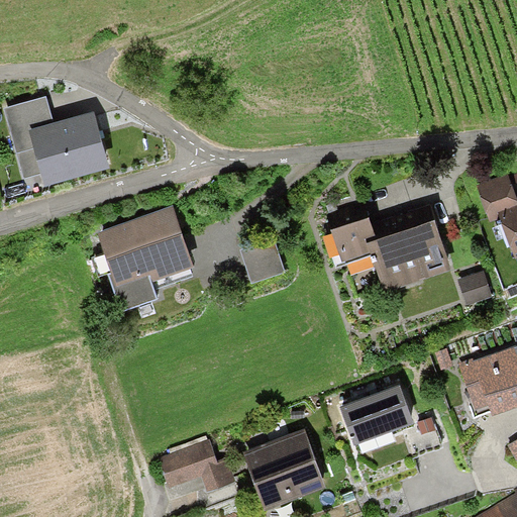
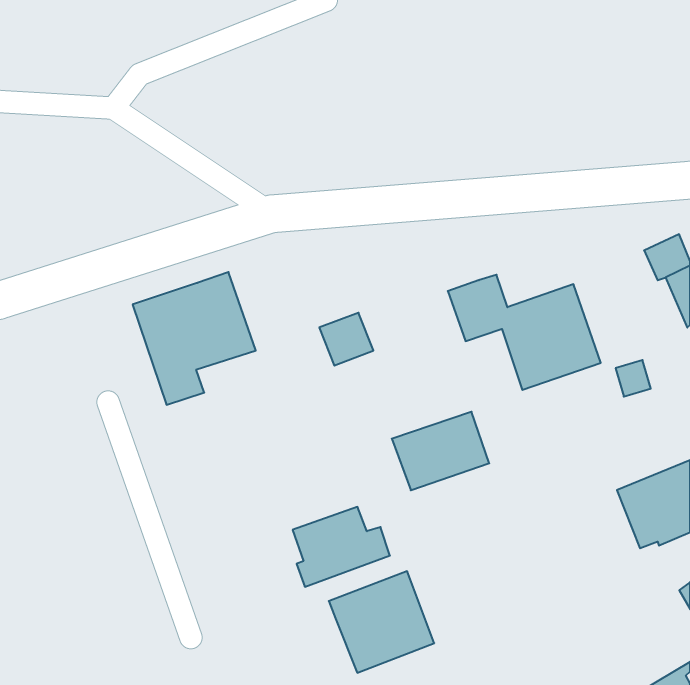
building: [7,103,105,184] -> none
building: [339,384,412,442] -> [392,412,489,490]
building: [161,445,233,505] -> [293,507,390,587]

